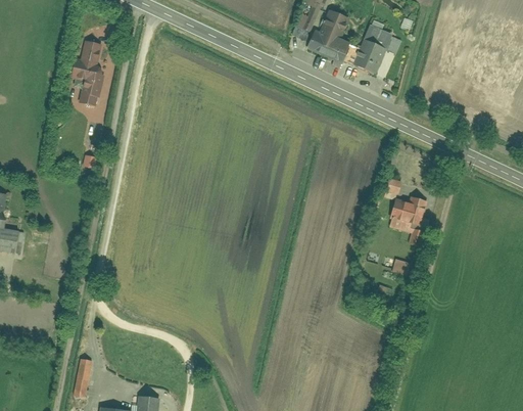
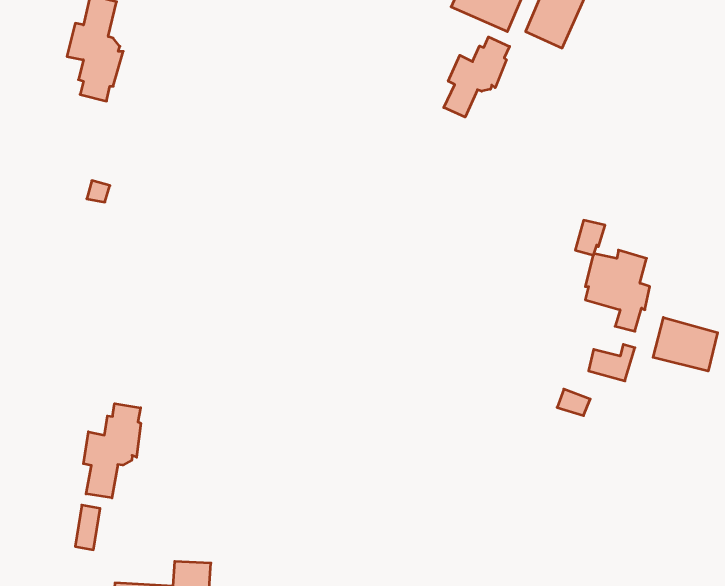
building: none -> [444,37,510,117]
building: none -> [653,317,718,371]
building: none -> [83,404,141,498]

